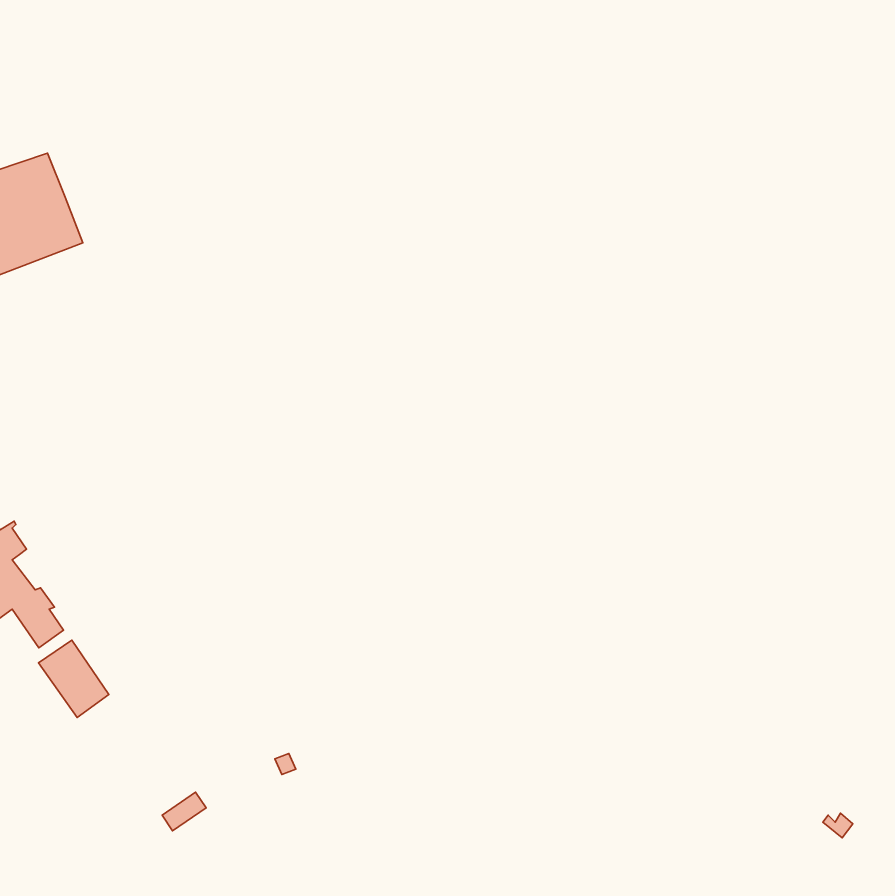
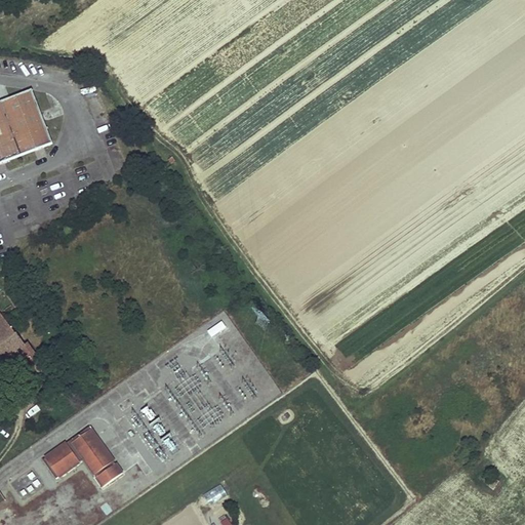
building: [39,640,109,717] -> [71,428,112,473]
building: none -> [44,442,79,475]

